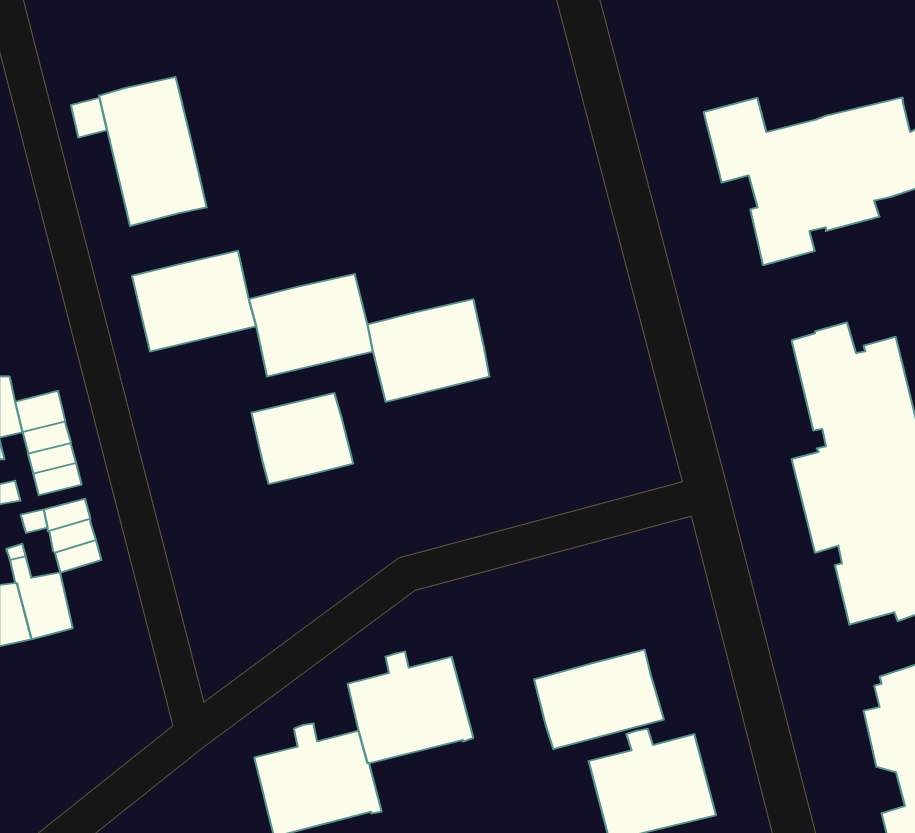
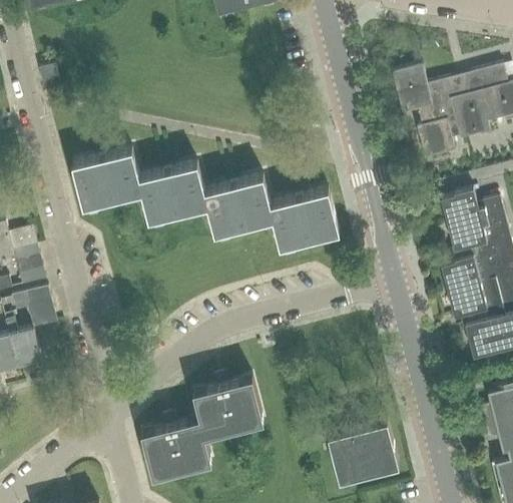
building: [99,77,207,226] -> none
building: none -> [271,192,340,249]
building: [251,393,353,484] -> none
building: [534,650,664,749] -> none

